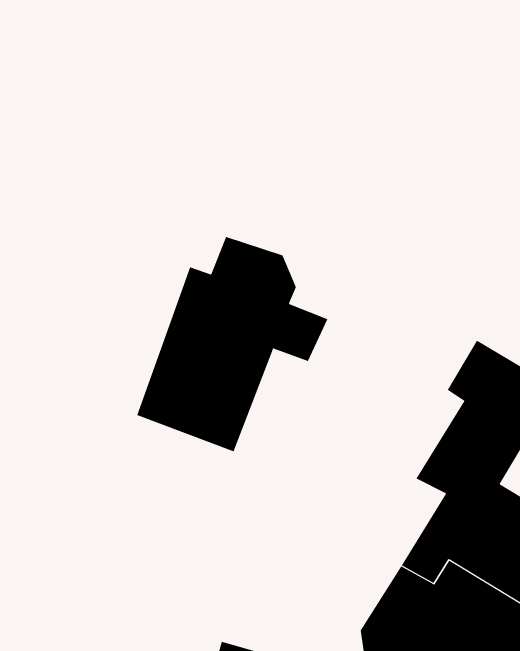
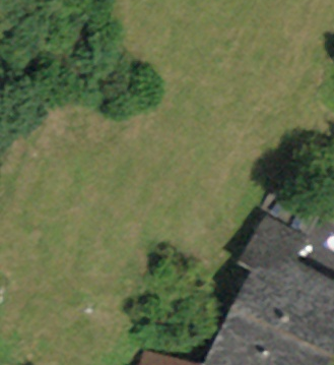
building: [136,236,328,452] -> none

